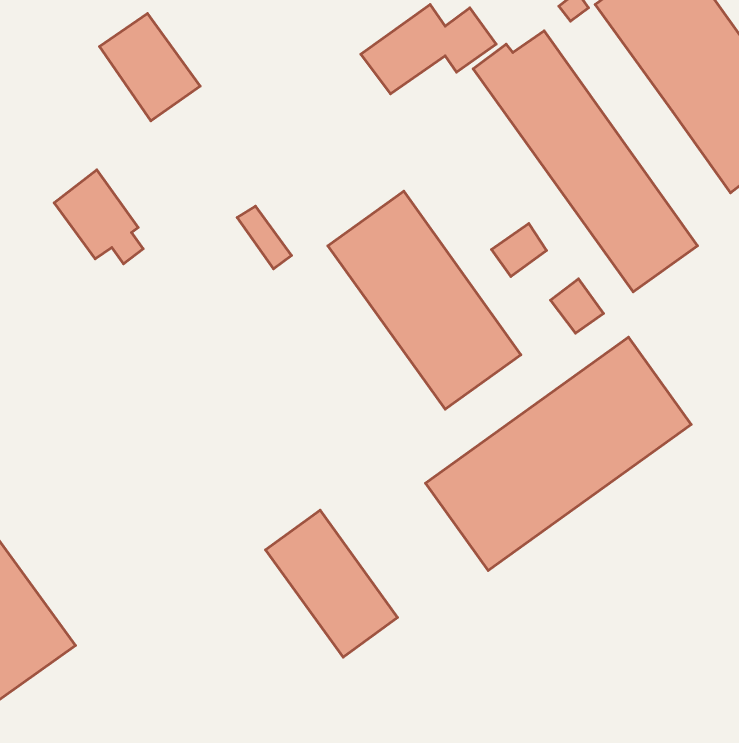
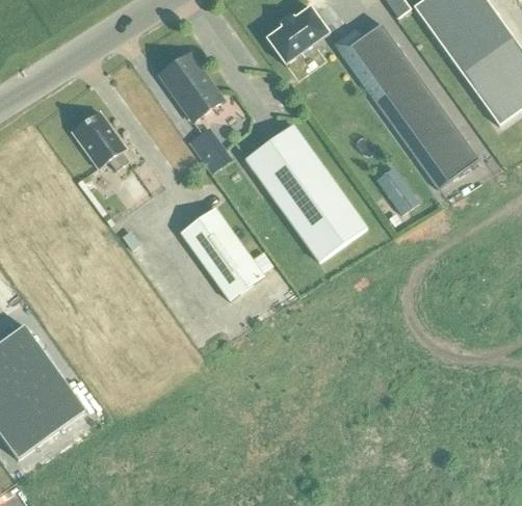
building: [100,13,200,121] -> [160,53,224,121]
building: [491,224,547,276] -> none
building: [426,337,691,570] -> none
building: [266,510,398,657] -> [181,207,264,299]

